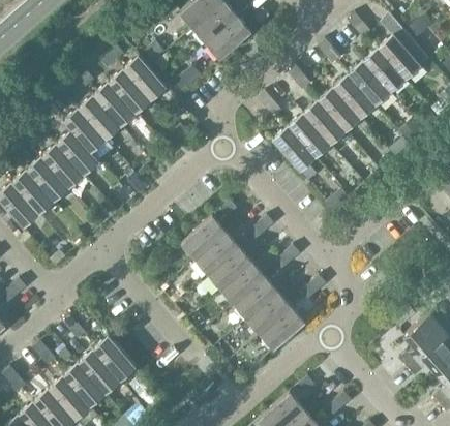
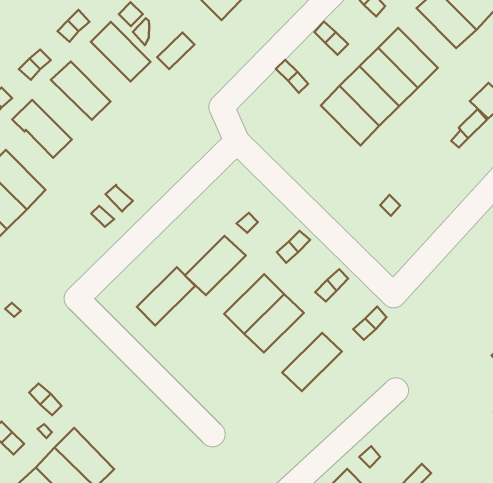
building: [349,61,390,105] -> none
building: [109,69,151,114] -> none
building: [79,95,121,140] -> none
building: [273,127,317,181] -> none
building: [57,130,99,175] -> none
building: [196,233,239,274] -> [137,267,195,326]
building: [235,277,278,320] -> none
building: [261,307,305,349] -> none
building: [93,336,136,382] -> none

